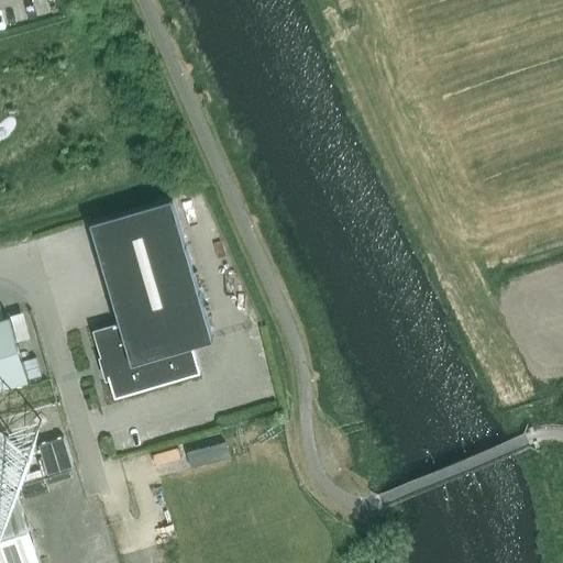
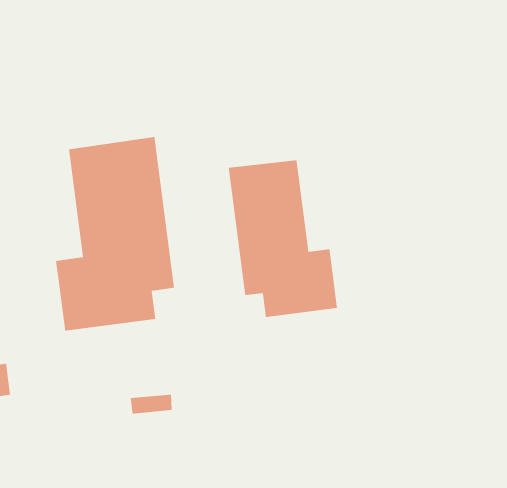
building: none -> [228,160,337,318]

